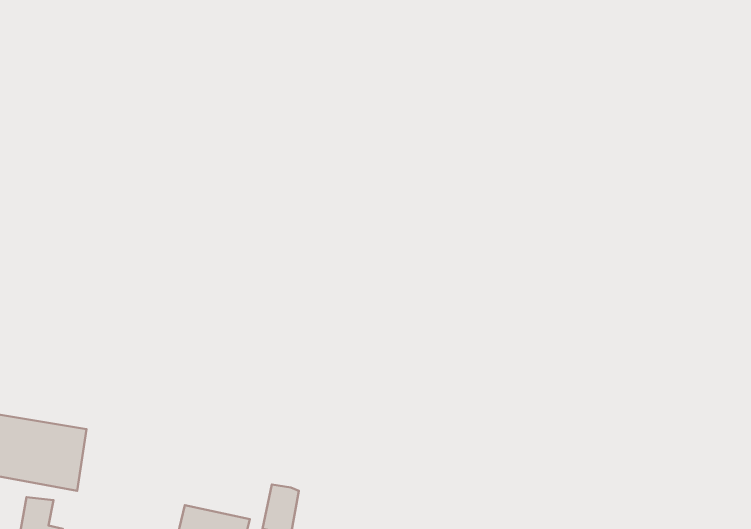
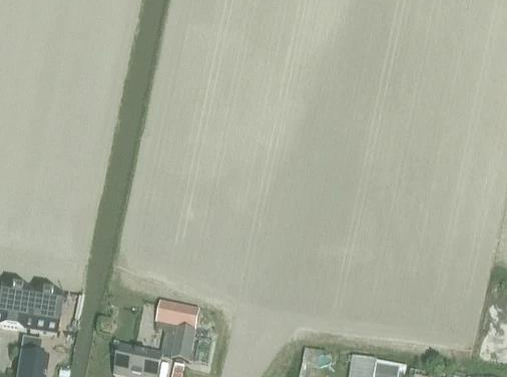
building: none -> [156,301,200,333]

